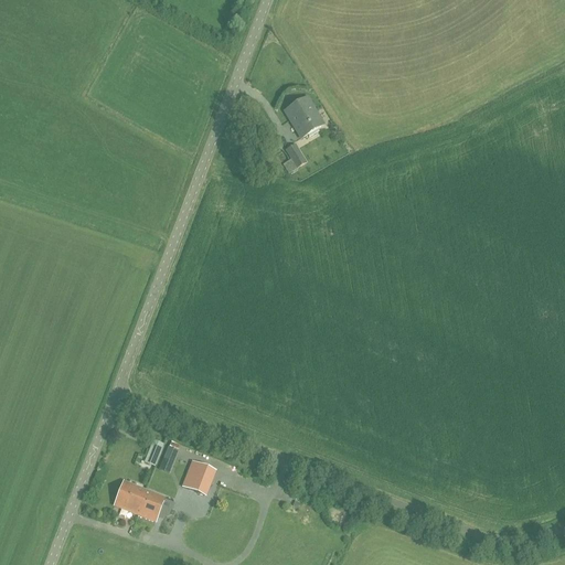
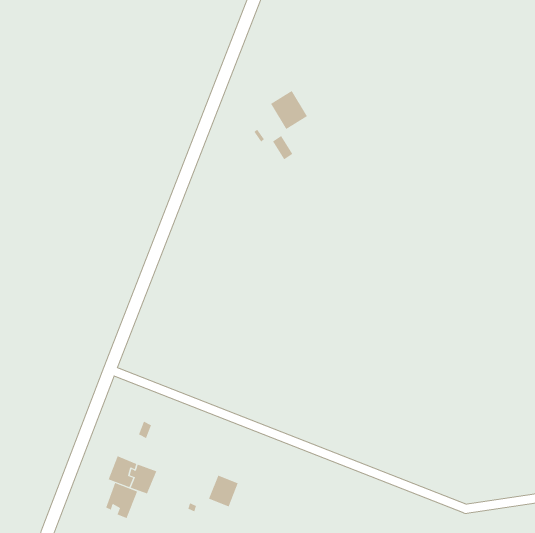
building: [182,460,214,494] -> [208,475,239,507]
building: none -> [105,482,138,519]

